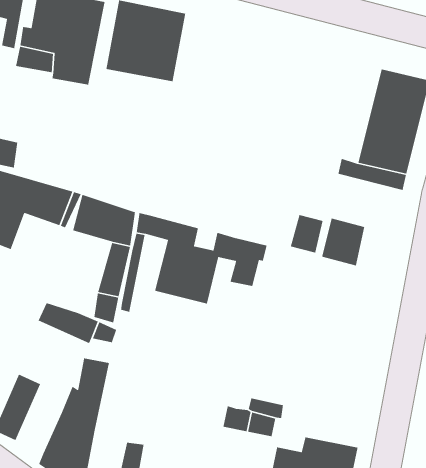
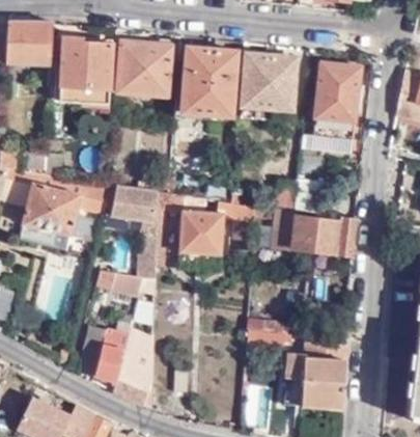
building: none -> [184,51,236,118]
building: none -> [243,55,296,110]
building: none -> [256,206,356,256]
building: none -> [94,320,132,382]

